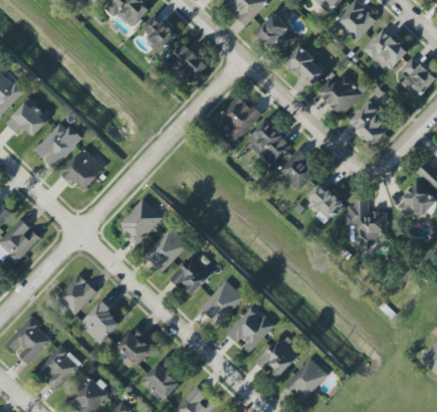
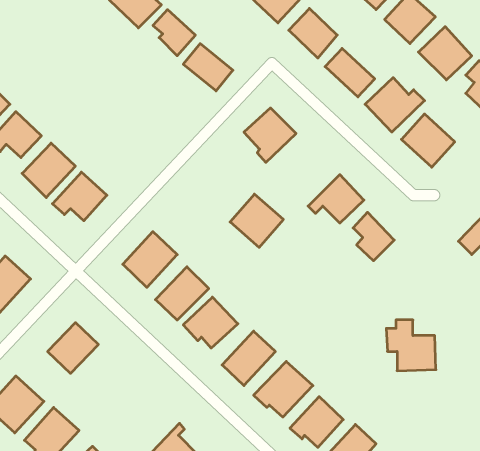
building: [246,122,290,166] -> [230,194,283,247]
building: [346,199,387,241] -> [386,320,436,371]
building: [79,298,120,344] -> none
building: [117,330,154,366] -> none

